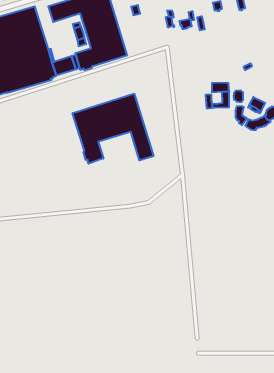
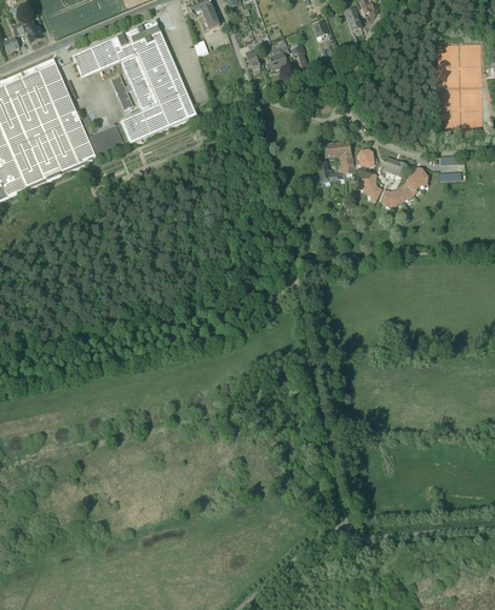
building: [73,94,154,164] -> none

